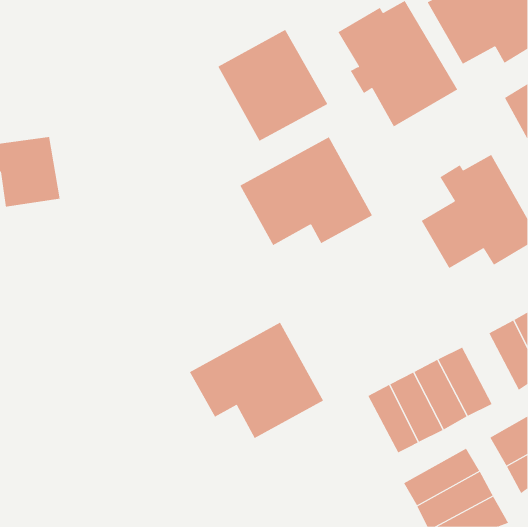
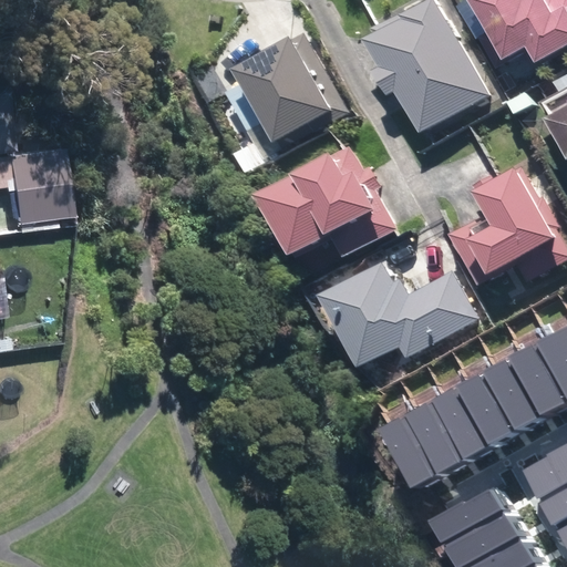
building: none -> [318,262,480,370]
building: [189,322,324,439] -> none
building: none -> [492,354,551,430]

